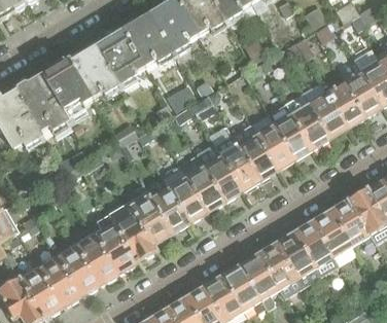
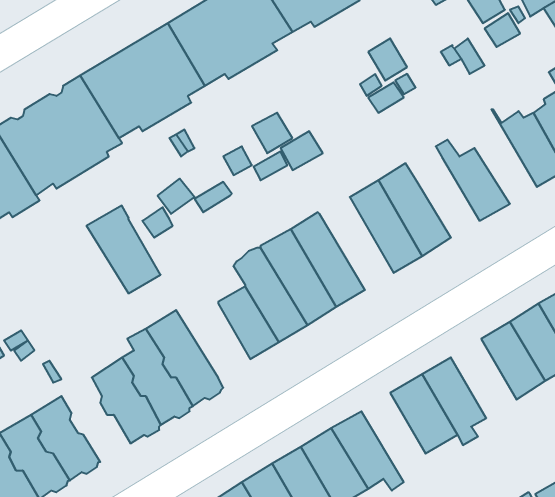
building: [302,80,347,138] -> none
building: [274,110,312,158] -> none
building: [214,134,259,190] -> none
building: [127,190,172,244] -> [86,206,161,293]
building: [294,220,335,268] -> none
building: [57,244,99,295] -> none
building: [240,253,279,310] -> none

